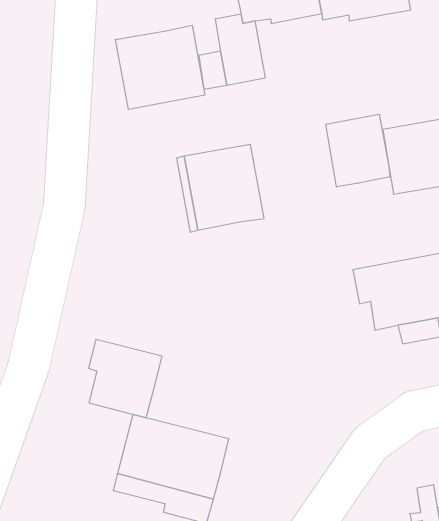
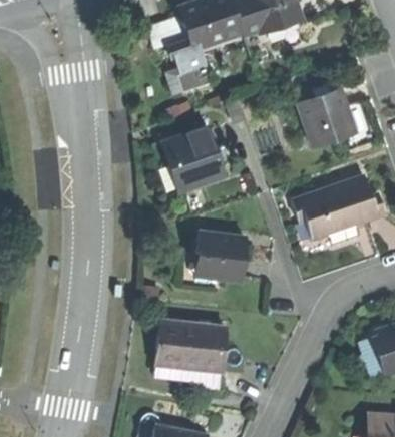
building: [116,25,205,109] -> none
building: [326,114,390,187] -> none
building: [88,339,162,418] -> [200,232,248,279]

